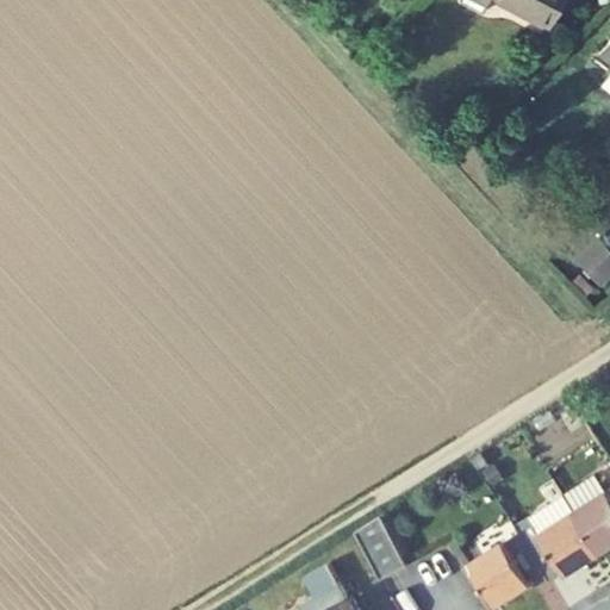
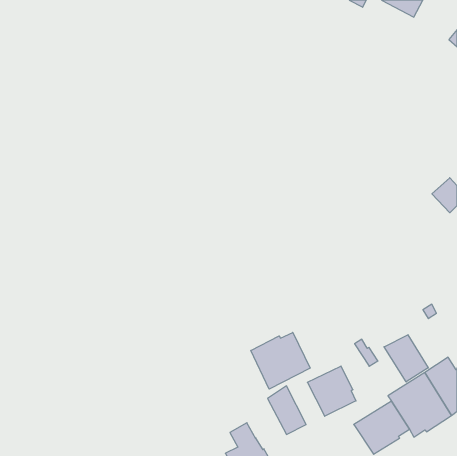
building: none -> [251,332,310,389]
building: none -> [384,335,428,382]
building: none -> [307,366,356,416]

